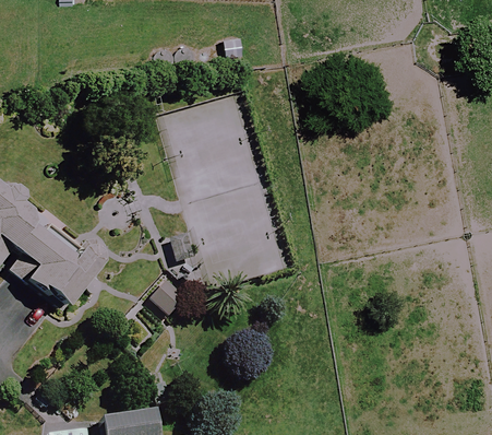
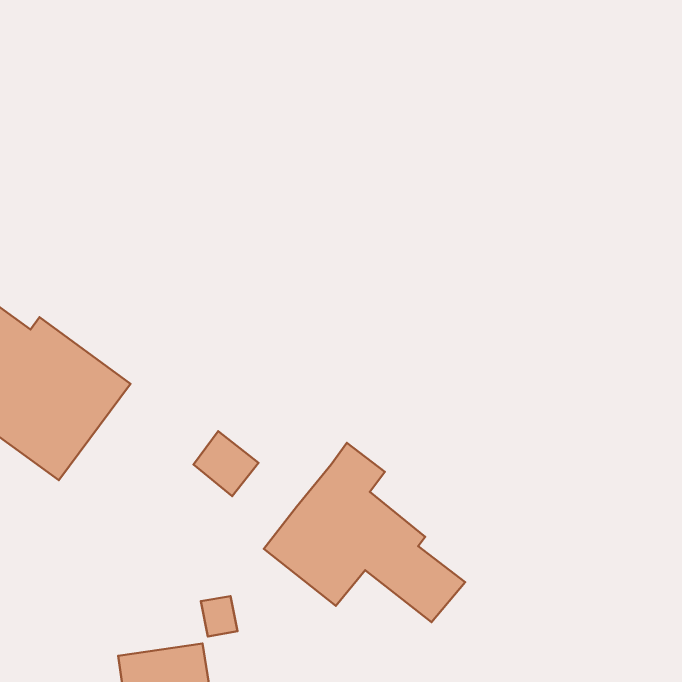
building: none -> [264,443,465,622]

